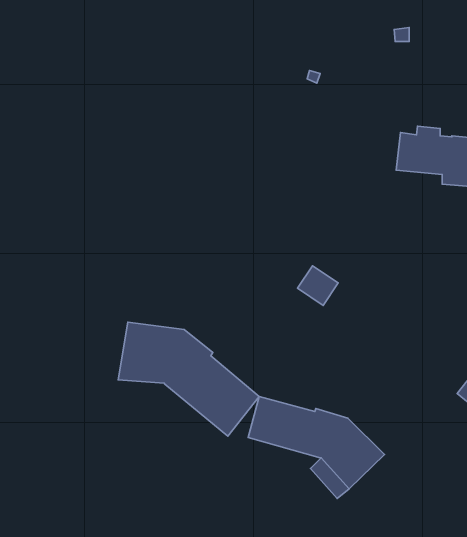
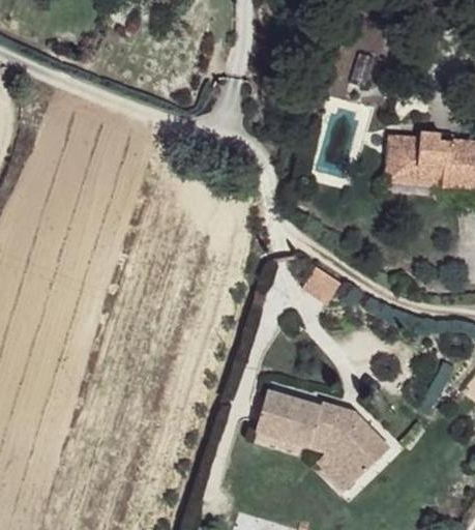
building: none -> [387,136,445,186]
building: [118,322,259,436] -> none

